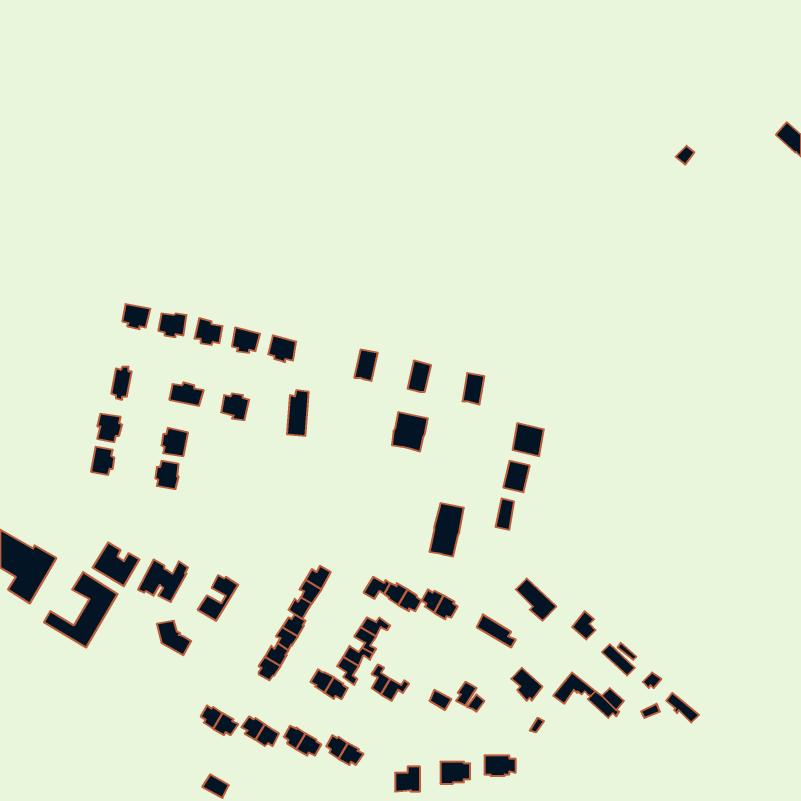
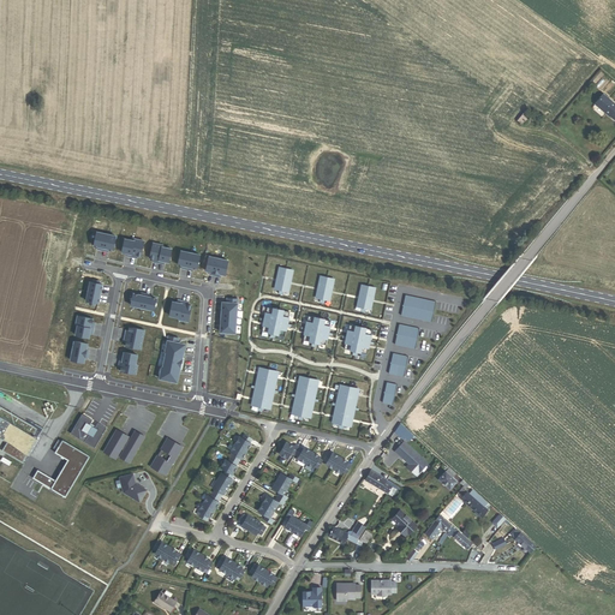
building: none -> [399,295,434,322]
building: none -> [258,308,286,336]
building: none -> [341,326,369,354]
building: none -> [159,336,183,383]
building: none -> [249,368,275,410]
building: none -> [288,377,315,418]

